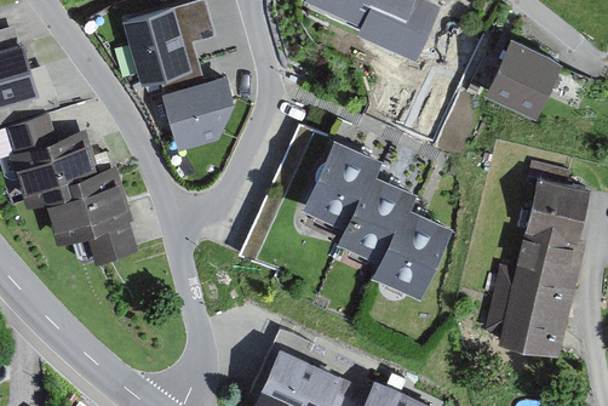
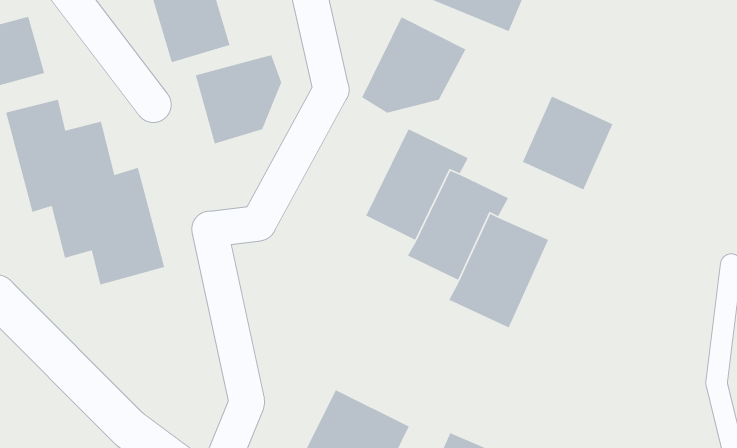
building: [486,39,561,116] -> [522,96,614,190]
building: none -> [361,16,467,114]
building: [483,185,591,356] -> none

